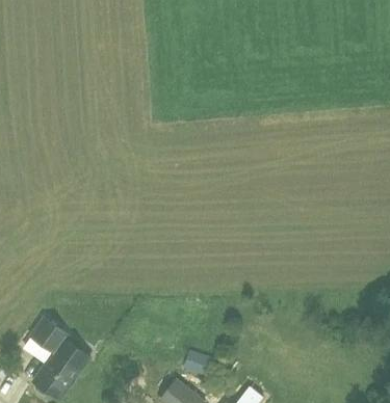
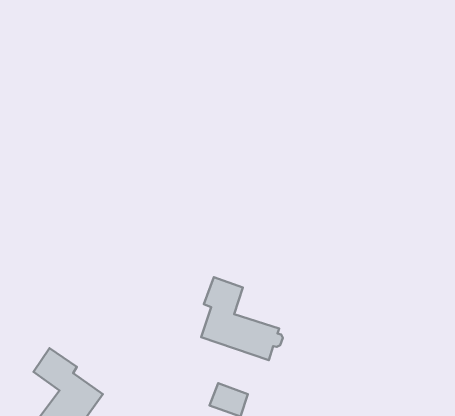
building: none -> [201,277,283,360]

